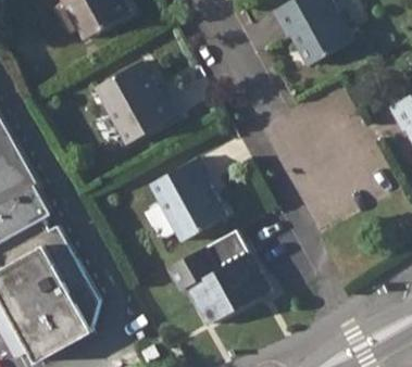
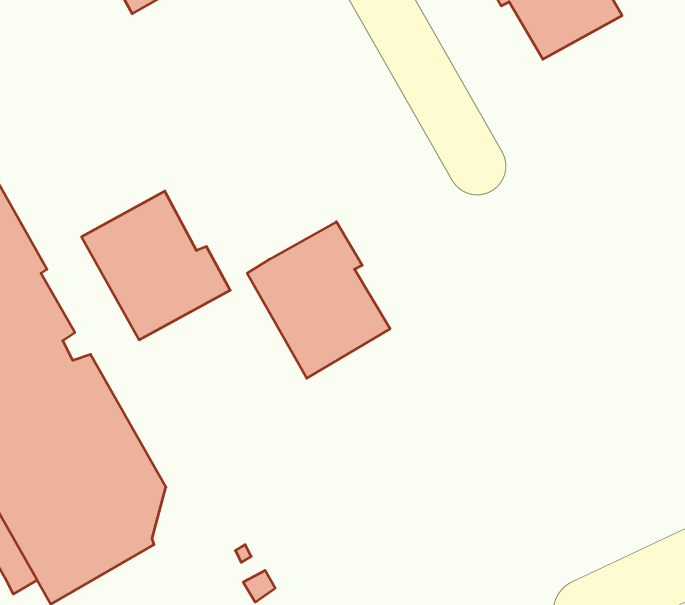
building: [95,63,176,144] -> [82,191,230,340]
building: [166,232,269,325] -> none

